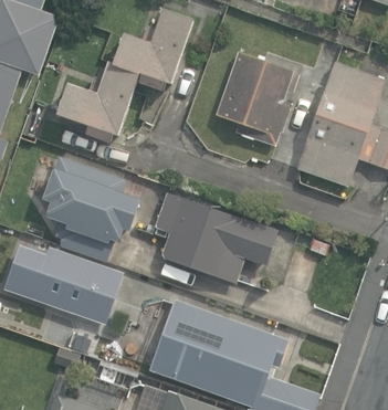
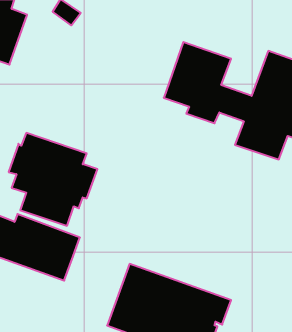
building: [57,10,195,143] -> none
building: [154,195,276,286] -> none

